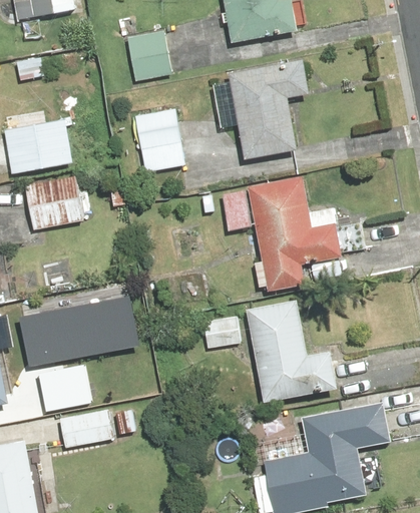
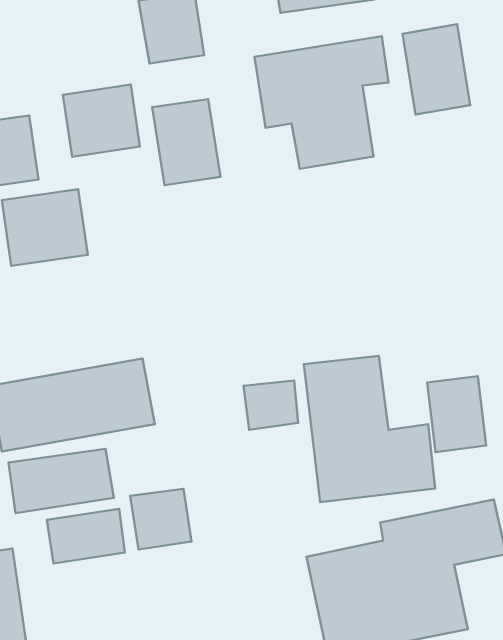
building: none -> [402,24,470,115]
building: none -> [63,84,140,157]
building: [220,181,347,292] -> none
building: none -> [427,376,486,452]
building: none -> [130,489,192,550]

